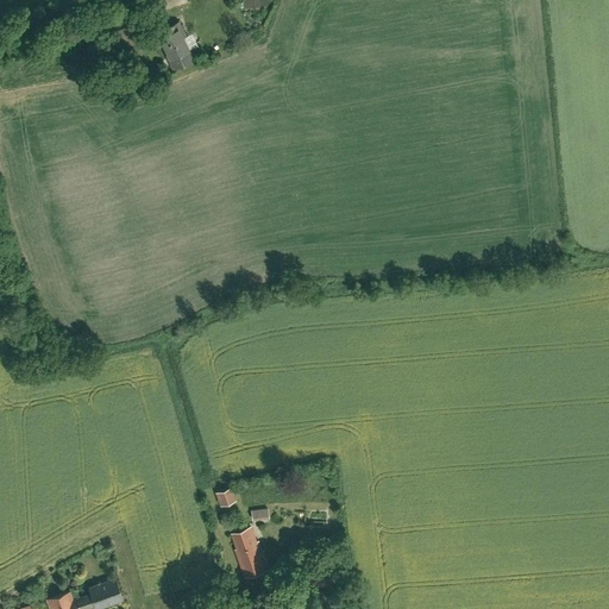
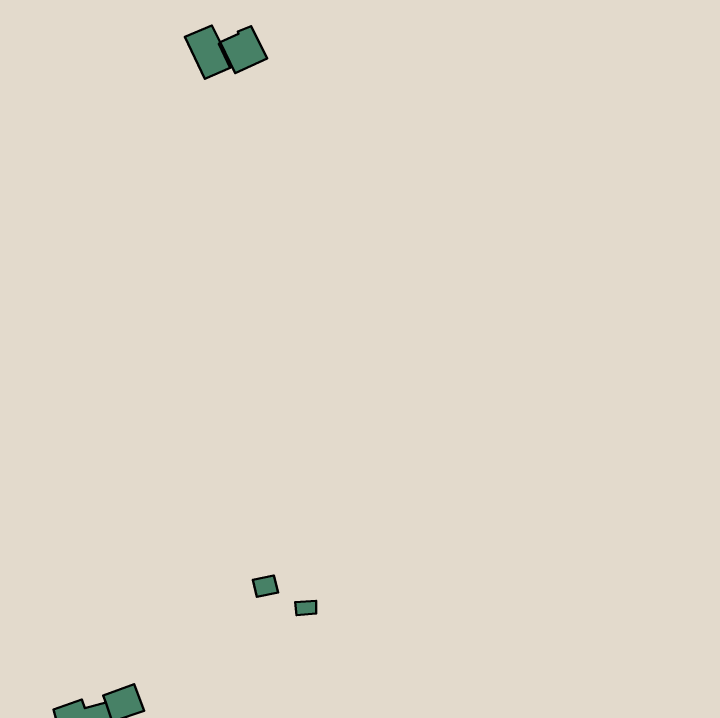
building: none -> [220,26,267,73]
building: [231,528,271,580] -> none

